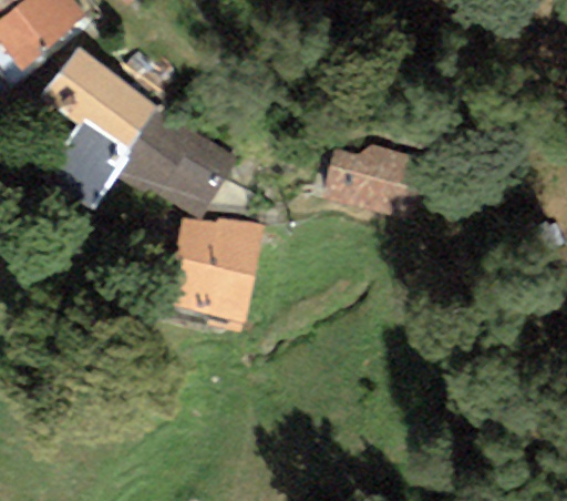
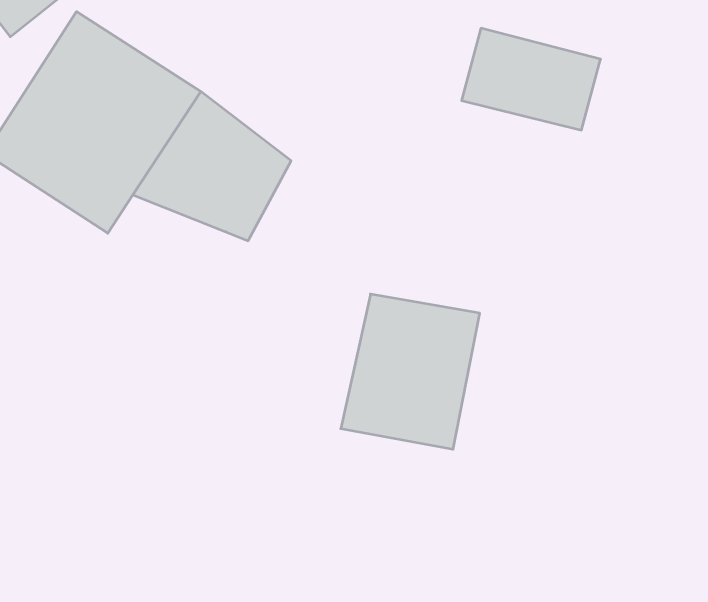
building: [323,141,427,217] -> [462,28,601,130]
building: [163,211,267,327] -> [341,294,480,449]

